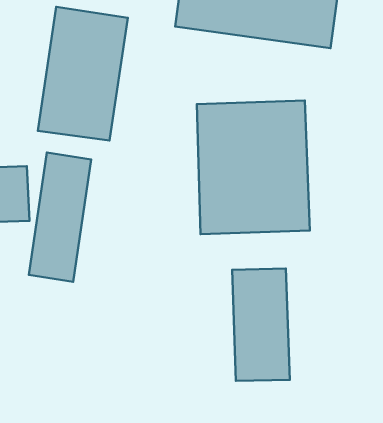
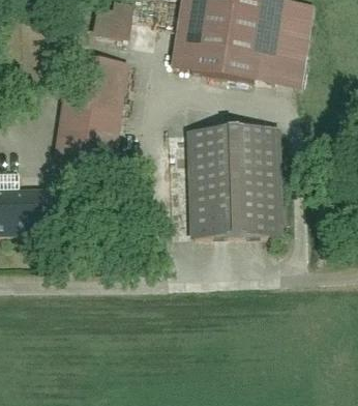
building: [29,152,91,282] -> none
building: [232,269,290,381] -> none

